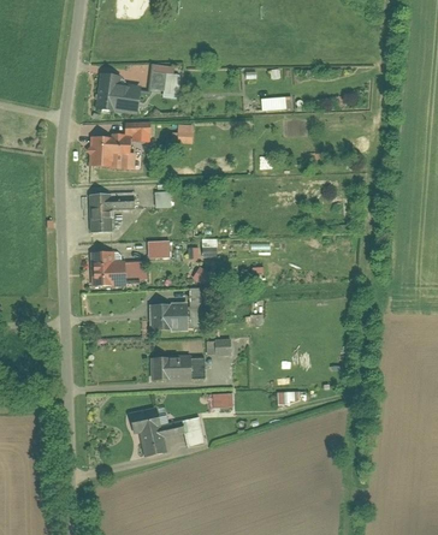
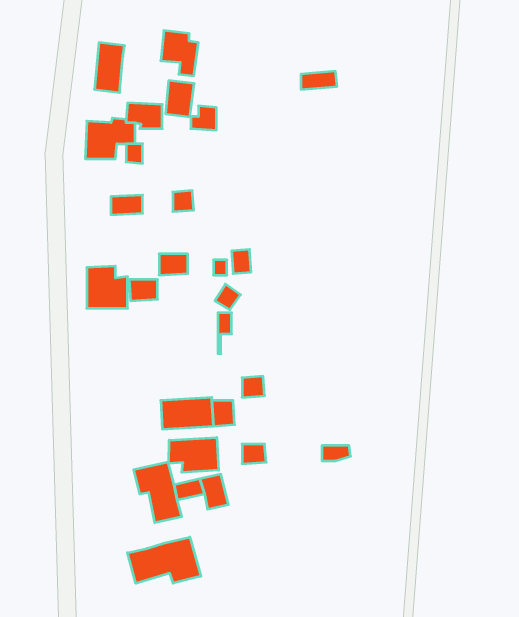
building: [117,84,140,113] -> [166,81,194,117]
building: [89,194,111,231] -> none
building: [149,301,188,331] -> none
building: none -> [169,437,219,472]
building: none -> [127,537,201,583]

